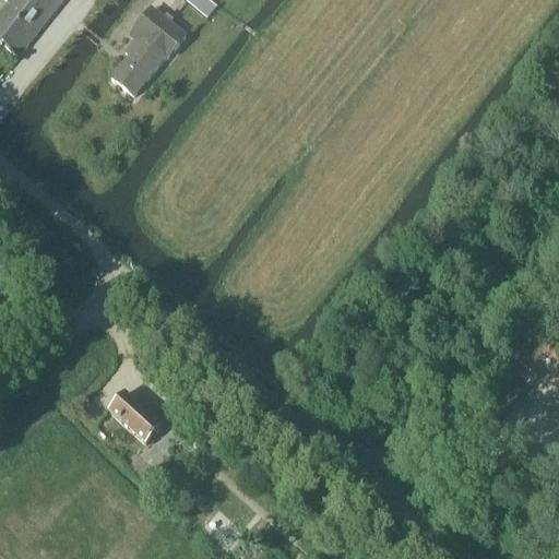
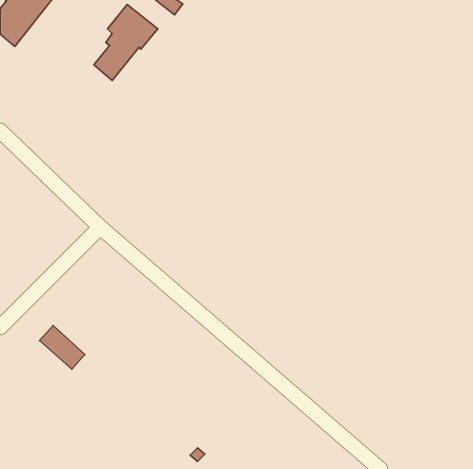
building: [108,392,162,443] -> [39,326,85,369]

